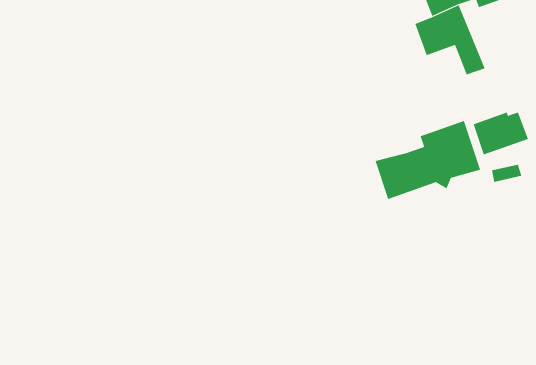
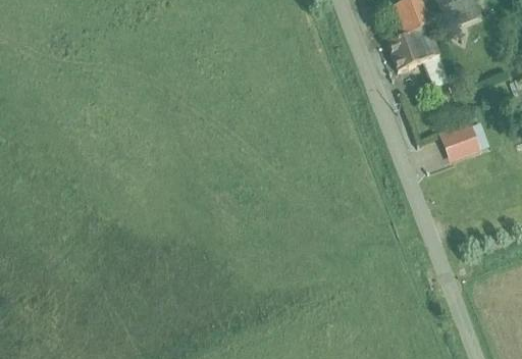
building: [375,120,481,200] -> none

